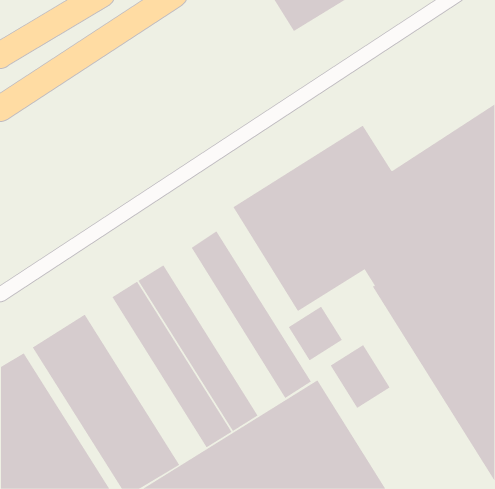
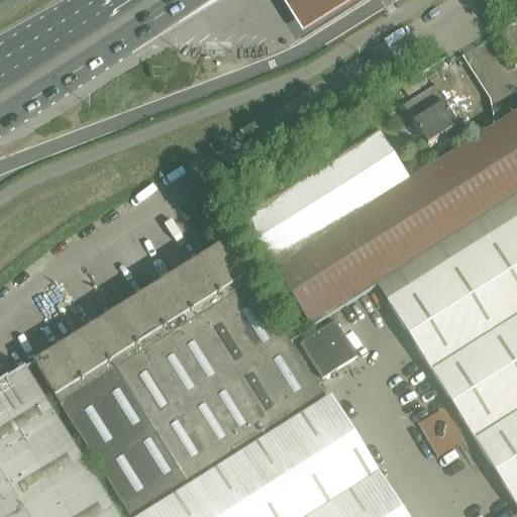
building: none -> [403,84,464,142]
building: none -> [171,258,297,433]
building: none -> [89,310,215,485]
building: [330,344,391,409] -> none

